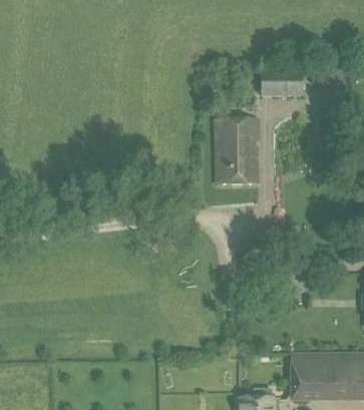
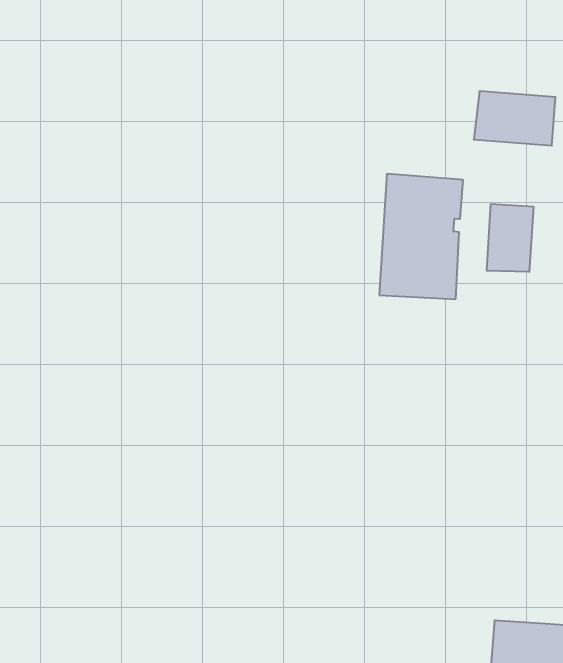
building: none -> [487,204,533,272]

